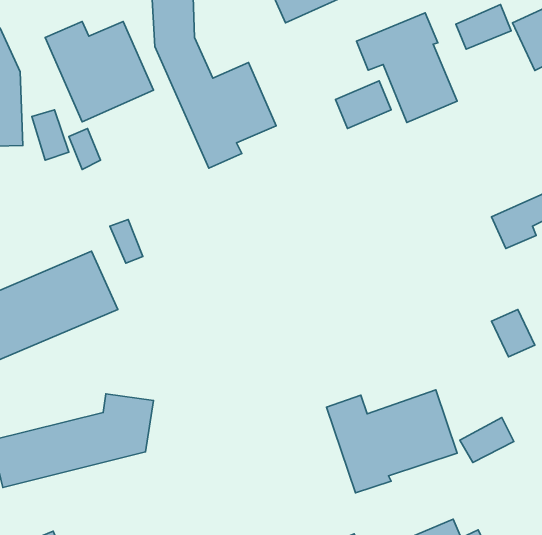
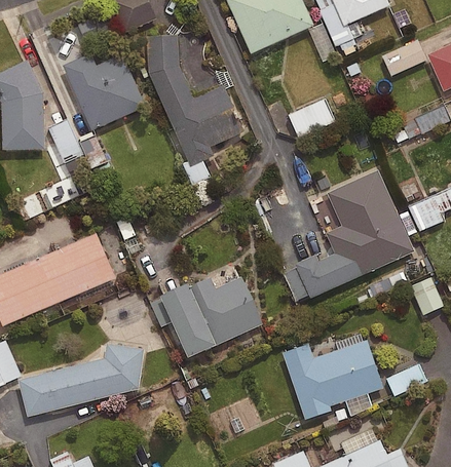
building: [357,13,457,122] -> none
building: none -> [295,169,413,298]
building: none -> [159,276,263,359]

